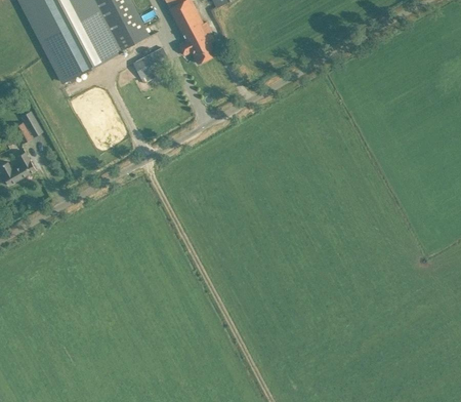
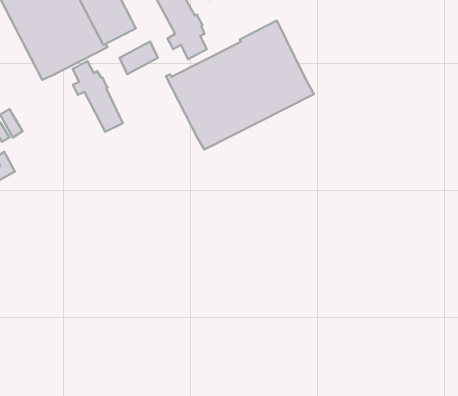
building: none -> [166,21,314,150]
building: none -> [72,61,123,132]

